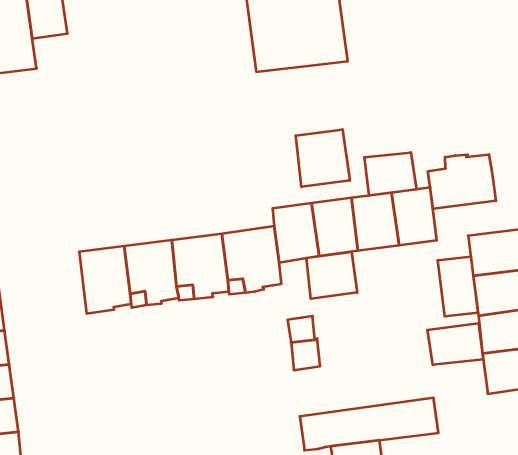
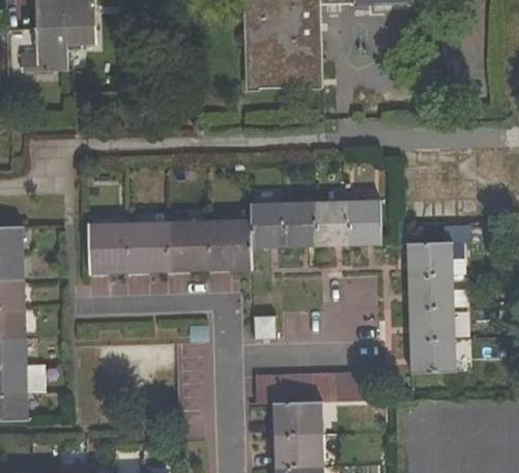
building: [296,129,350,187] -> none
building: [364,152,416,196] -> none
building: [428,154,496,209] -> none
building: [306,252,357,299] -> none
building: [438,257,478,316] -> none
building: [427,323,483,365] -> none

